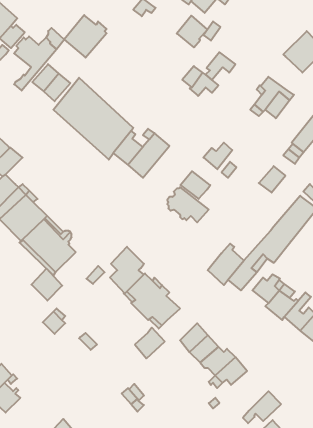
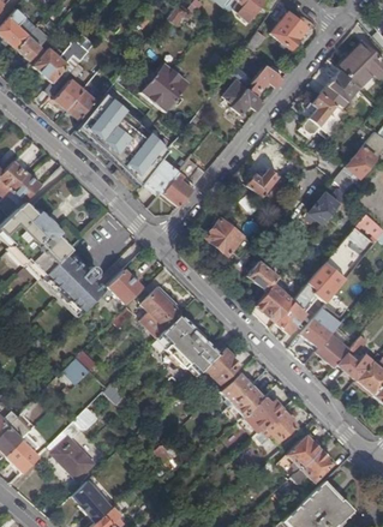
building: [64,15,107,58] -> [140,64,188,112]
building: [177,16,208,47] -> [270,12,305,48]
building: none -> [319,70,358,108]
building: [180,171,210,199] -> [246,260,280,292]
building: [31,269,62,301] -> [108,268,143,304]
building: [135,328,165,358] -> [205,348,239,383]
building: none -> [48,407,97,479]
building: none -> [286,433,319,469]

